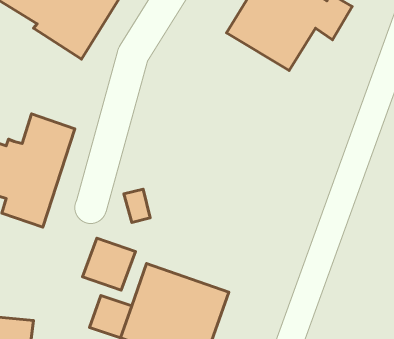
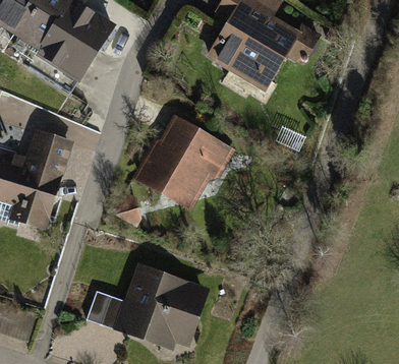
building: none -> [132,114,234,210]
building: [83,238,135,290] -> none

